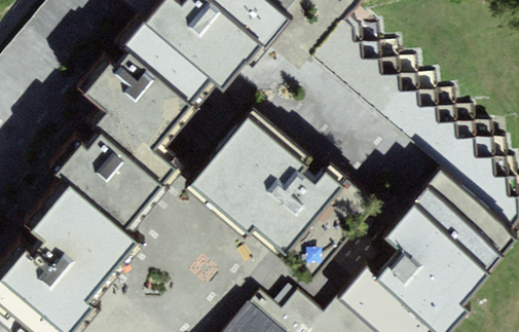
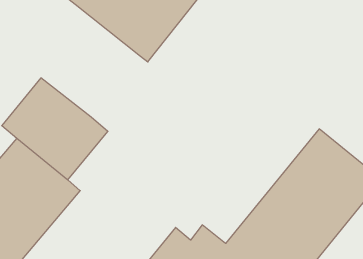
building: [77,15,218,154] -> none
building: [192,108,343,256] -> none

